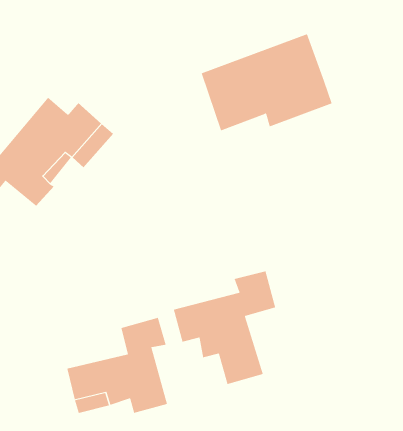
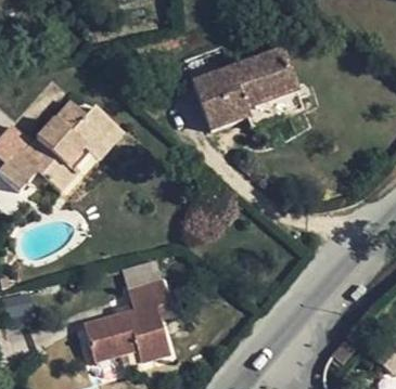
building: [173,270,276,385] -> none

